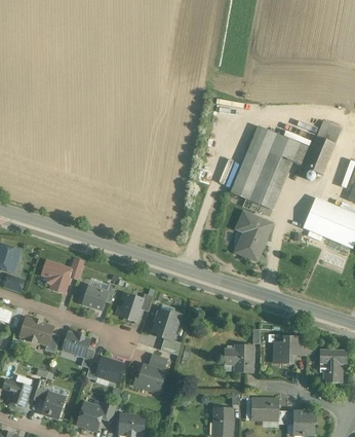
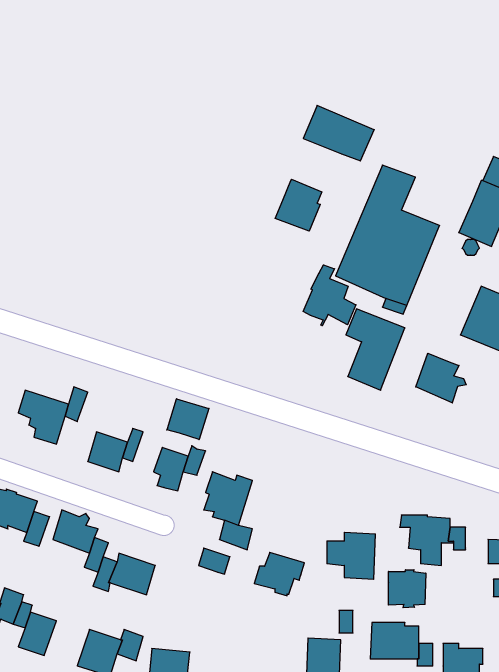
building: [268,134,310,167] -> [303,105,374,161]
building: none -> [275,179,322,231]
building: none -> [303,265,356,326]
building: none -> [416,353,466,403]
building: none -> [167,399,209,440]
building: [133,365,163,391] -> [254,552,304,596]
building: none -> [389,570,426,608]

